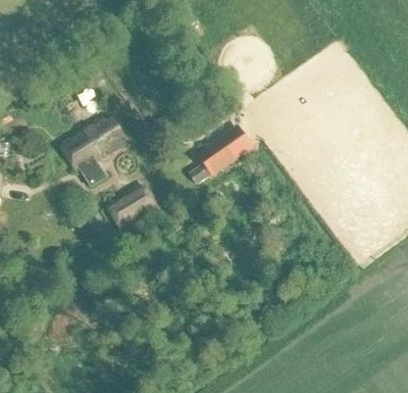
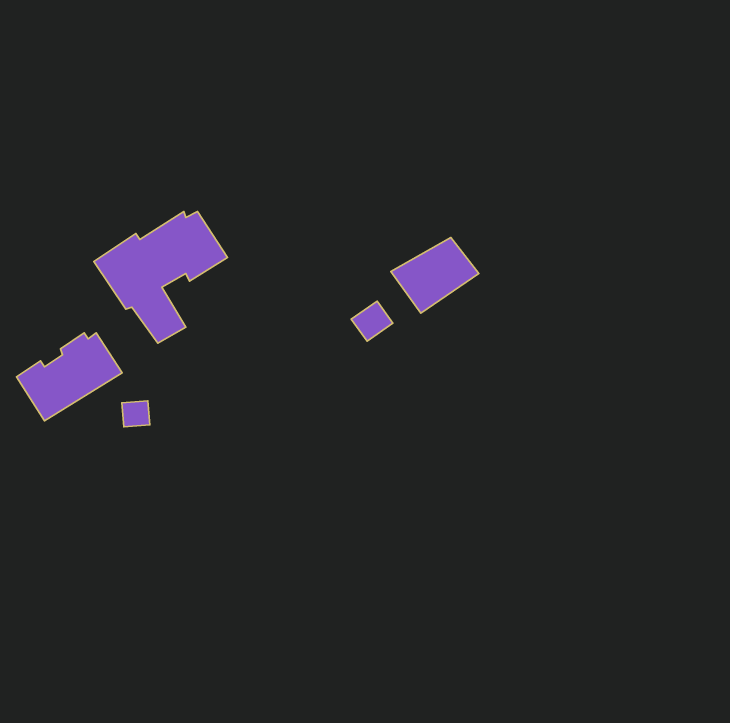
building: [105,183,159,228] -> [16,333,122,421]

